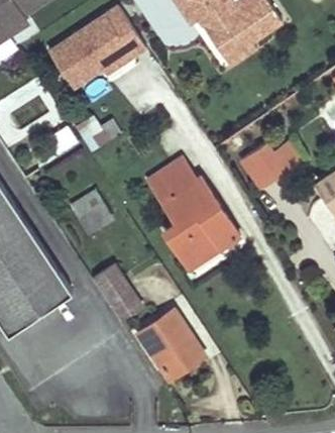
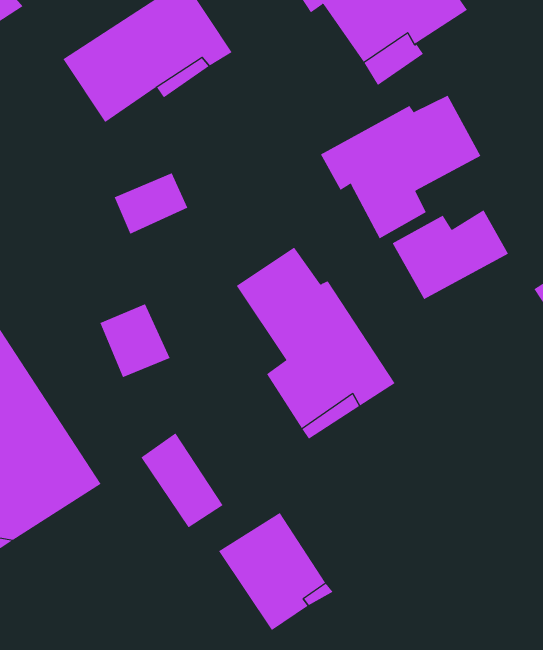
building: none -> [320,95,481,239]

